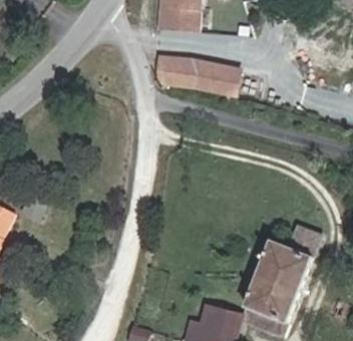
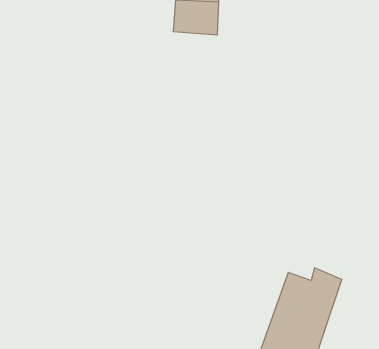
building: [157,56,243,96] -> none

